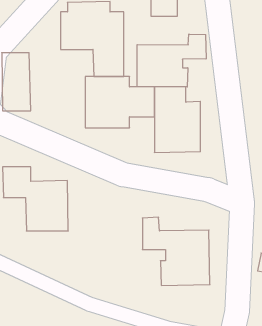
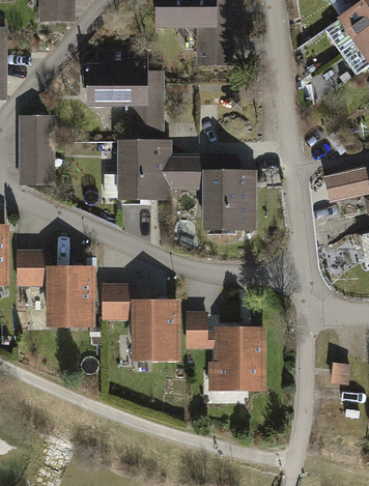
building: [137,34,206,87] -> none
building: none -> [102,283,181,365]

